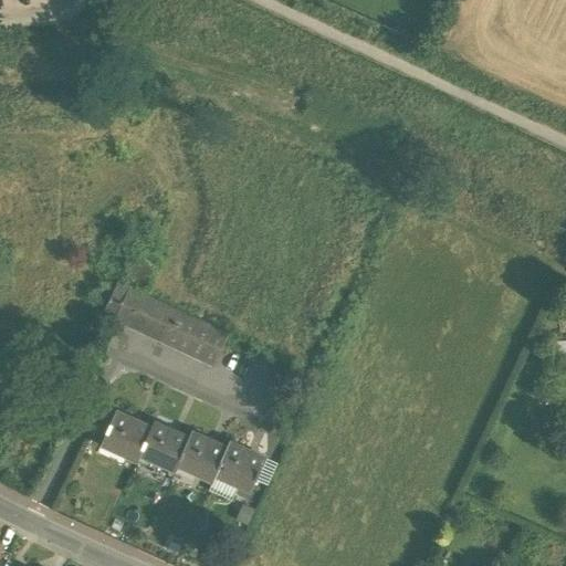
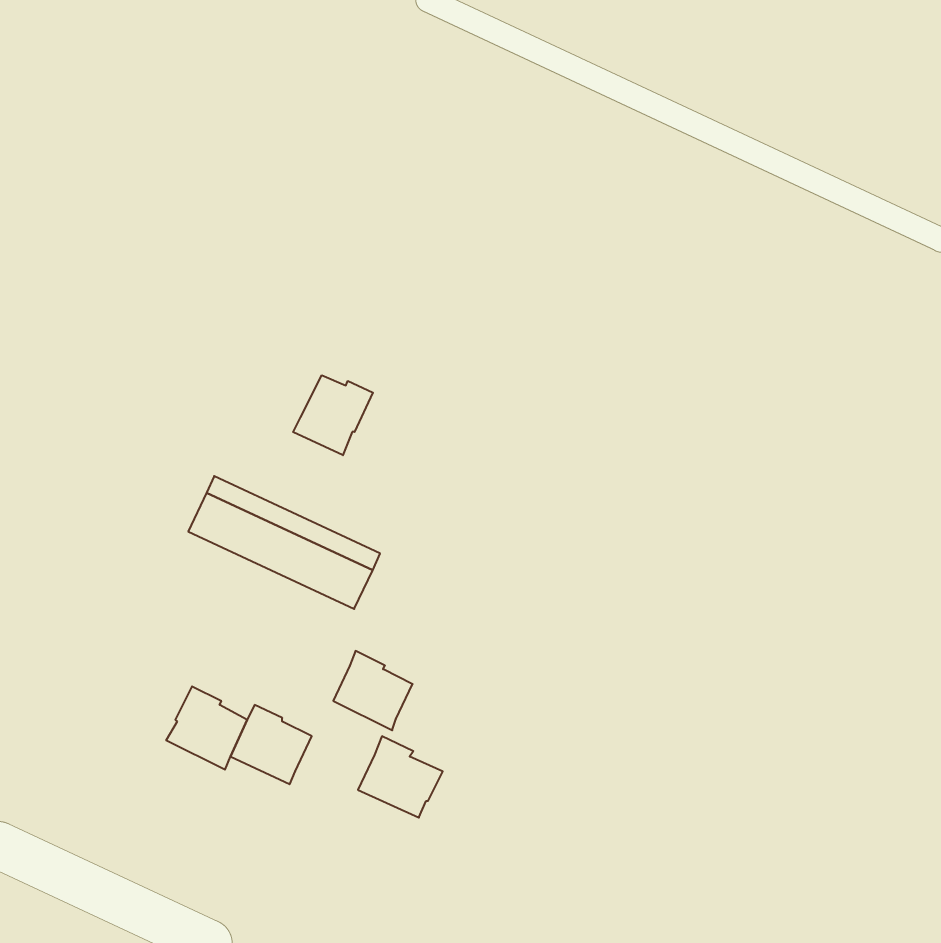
building: none -> [293,375,373,455]
building: [177,432,224,480] -> [333,651,413,730]

